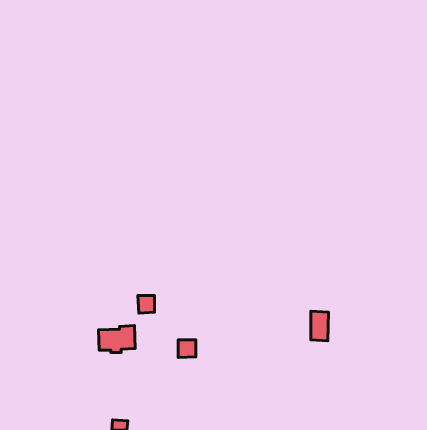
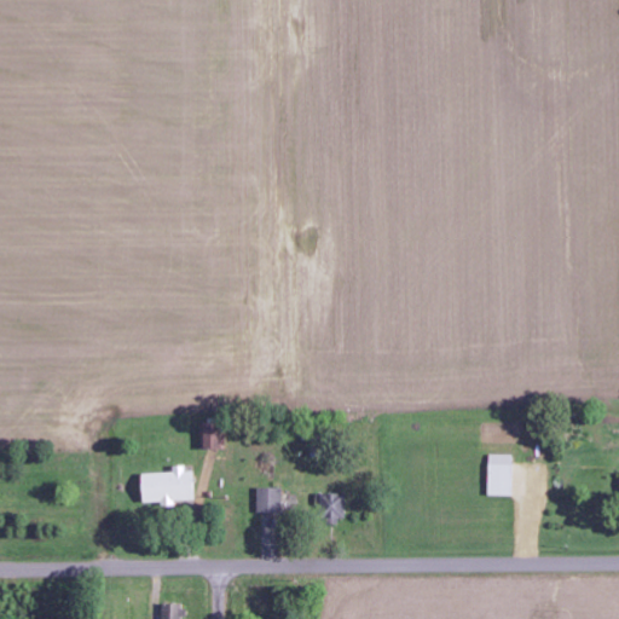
building: [311,311,329,341] -> [487,455,513,497]
building: none -> [316,494,345,523]

